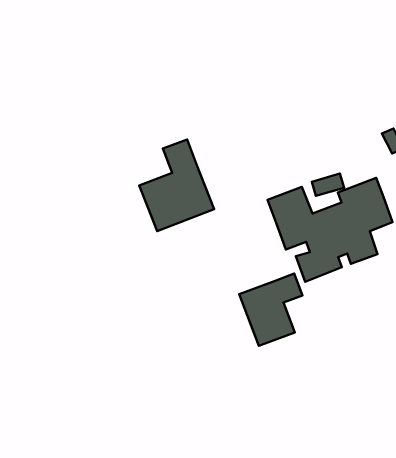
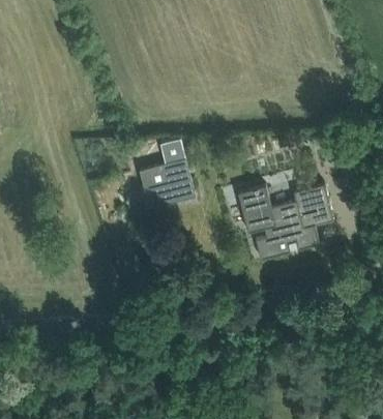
building: [239,274,302,346] -> none

